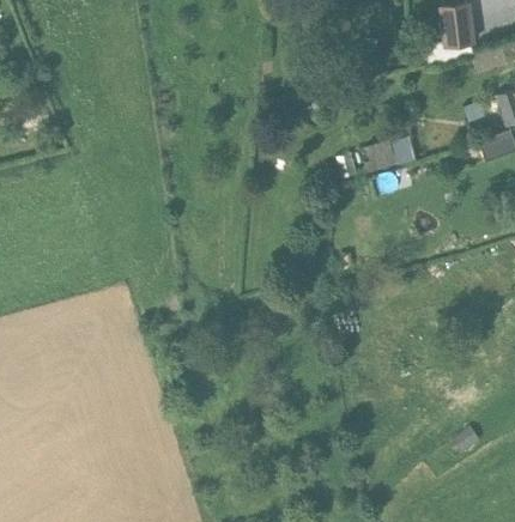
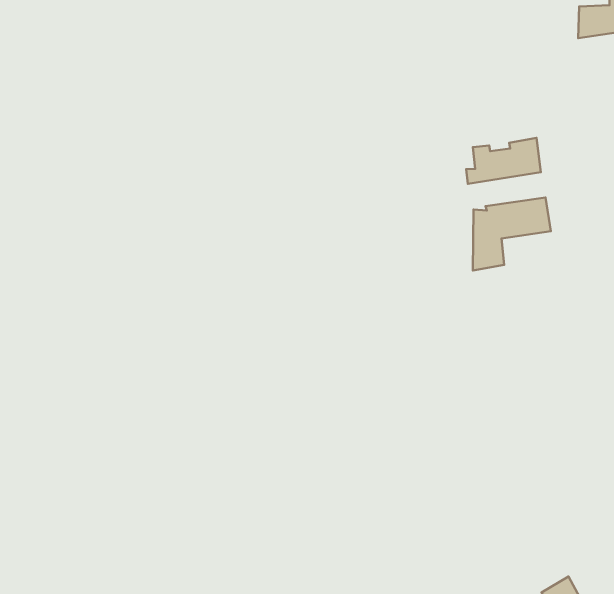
building: none -> [473,197,551,271]

